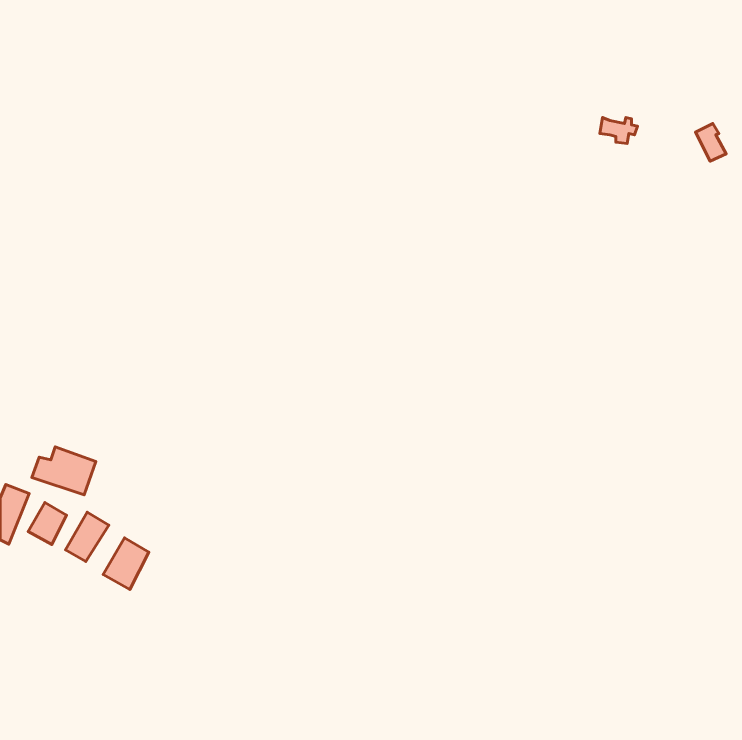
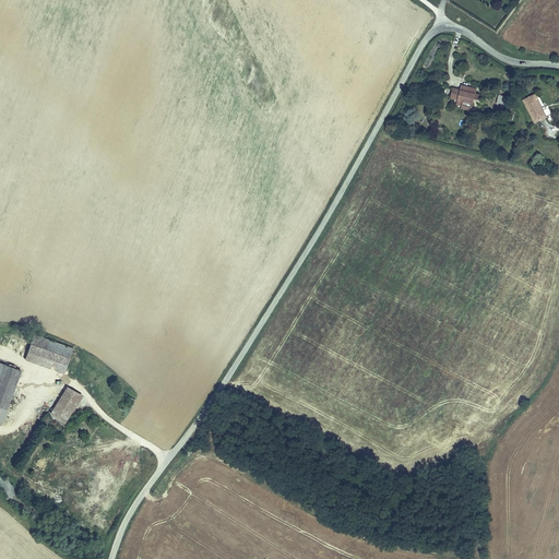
building: [28,503,66,545] -> none
building: [103,538,149,589] -> none

